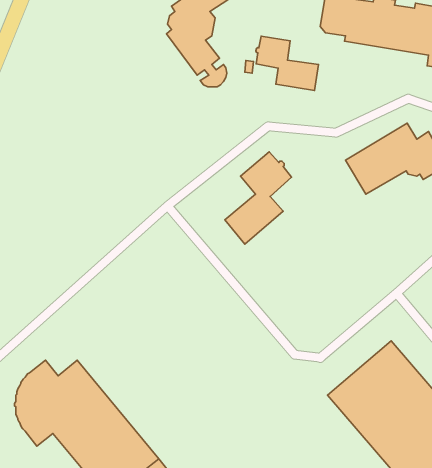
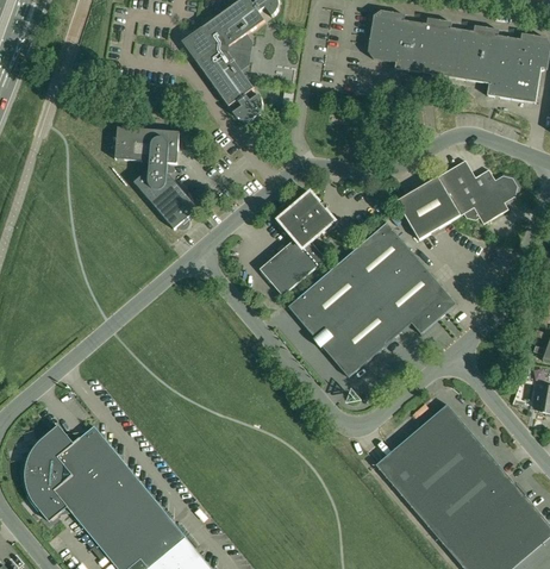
building: [256,36,318,91] -> none
building: none -> [107,126,198,230]
building: none -> [288,221,456,376]

